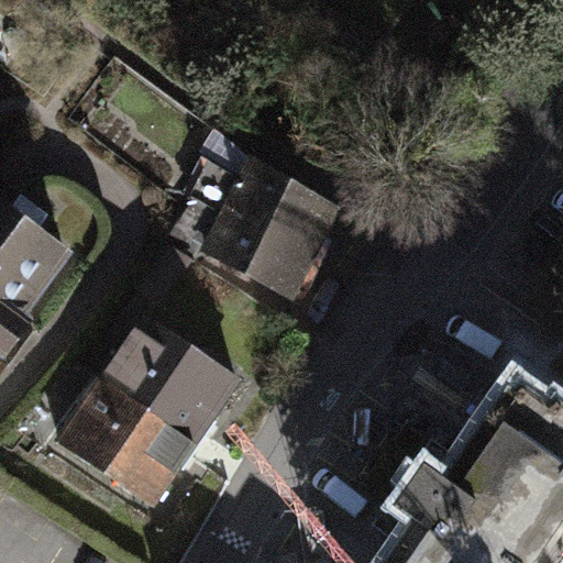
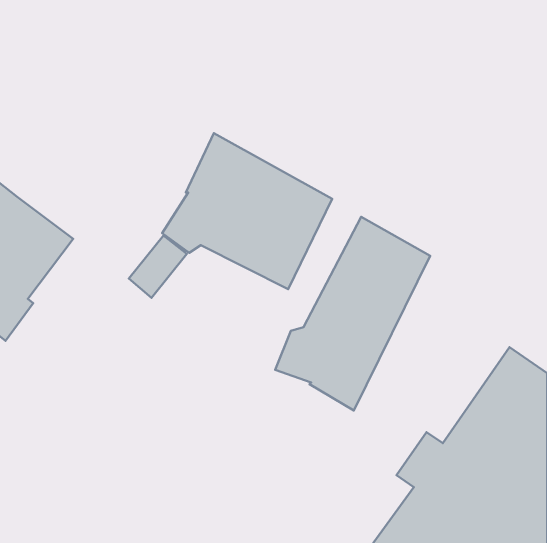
building: none -> [275,217,430,411]
building: [55,313,242,509] -> none

